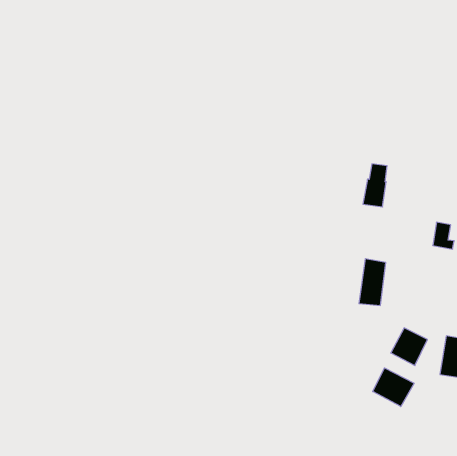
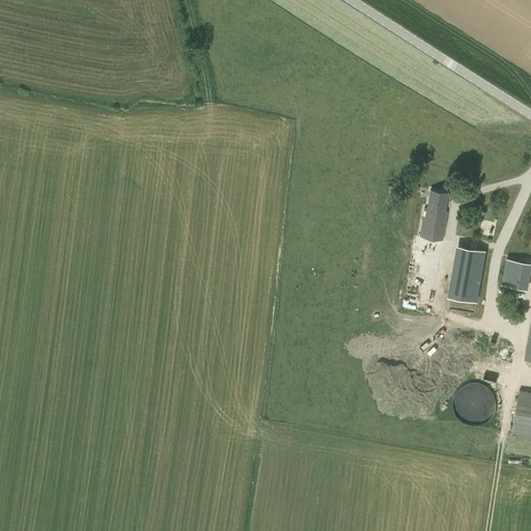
building: [359,259,386,305] -> [451,242,482,296]
building: [373,368,414,407] -> none

